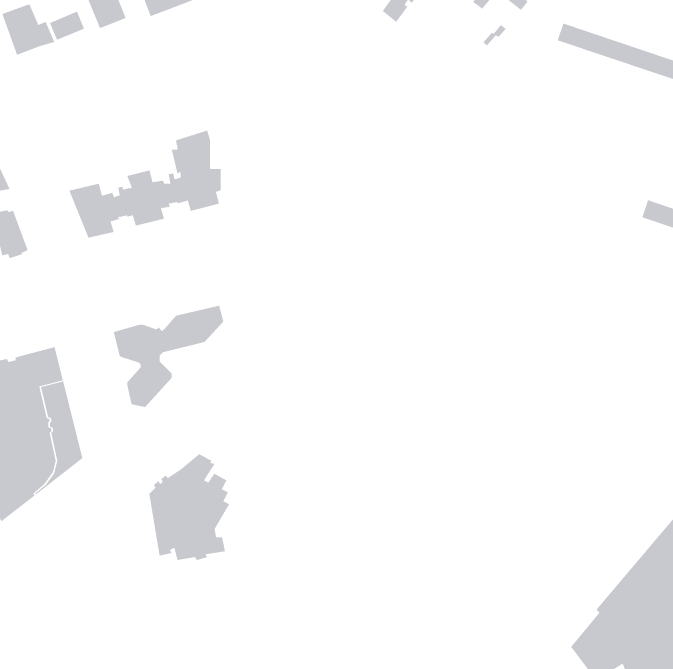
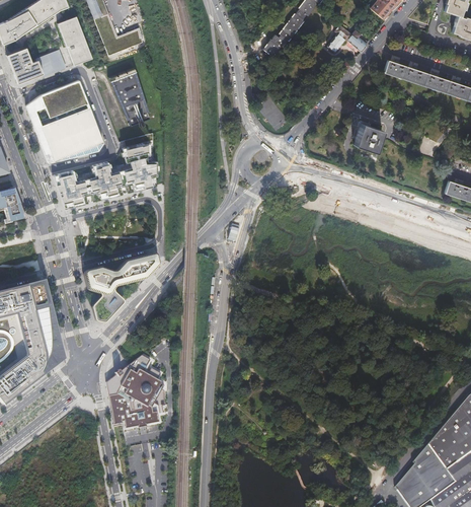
building: none -> [110,68,151,126]
building: none -> [25,79,102,162]
building: none -> [352,122,381,150]

